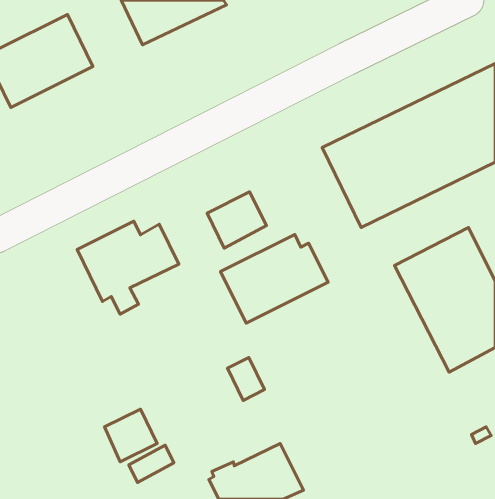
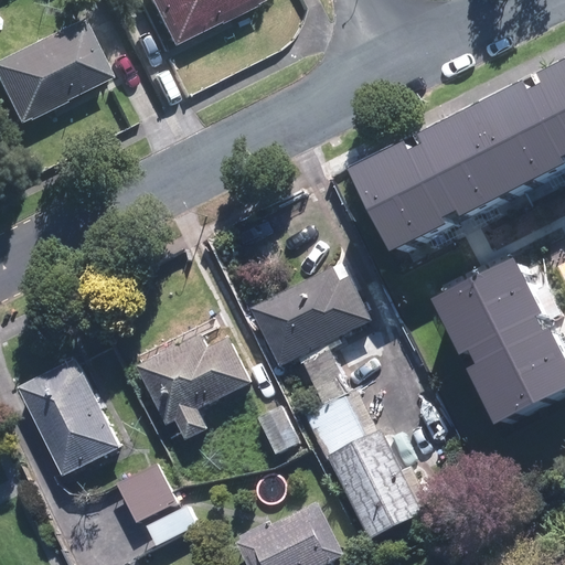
building: [207,192,266,248] -> none
building: [77,221,179,314] -> [136,333,250,438]
building: none -> [18,358,120,475]
building: none -> [307,402,420,540]

